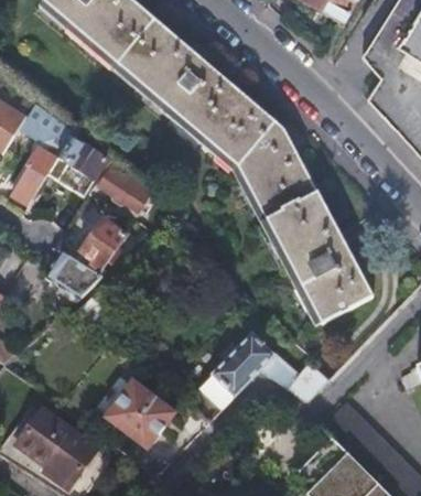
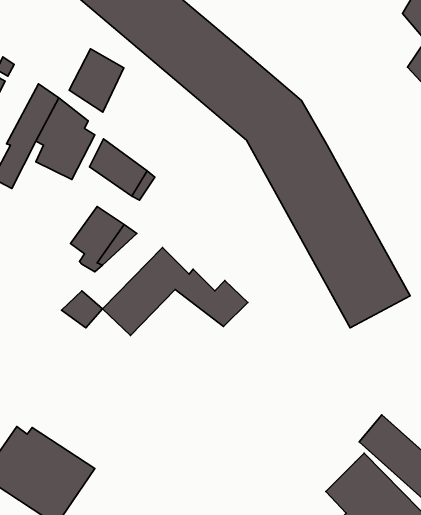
building: none -> [69,49,124,112]
building: [44,254,94,296] -> none
building: [202,330,327,406] -> [102,247,248,336]
building: [110,378,179,444] -> none

